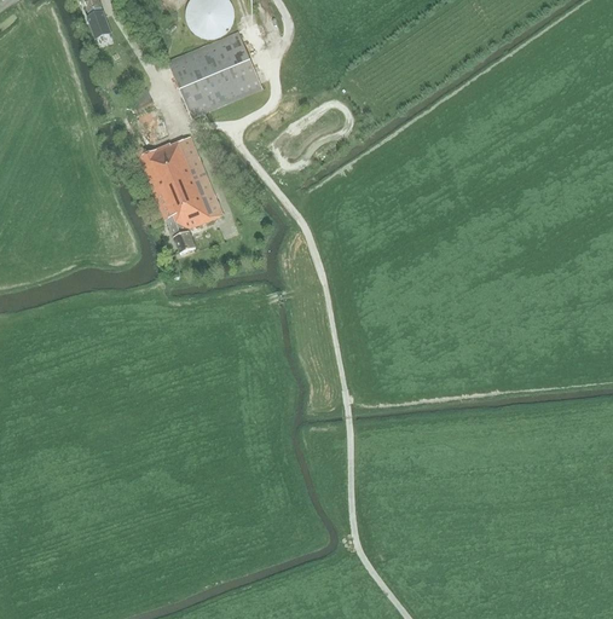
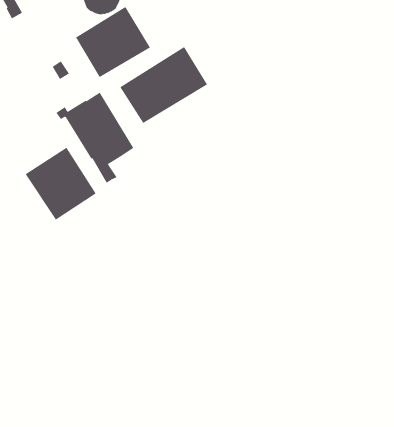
building: none -> [120,46,208,124]
building: none -> [25,147,96,221]

